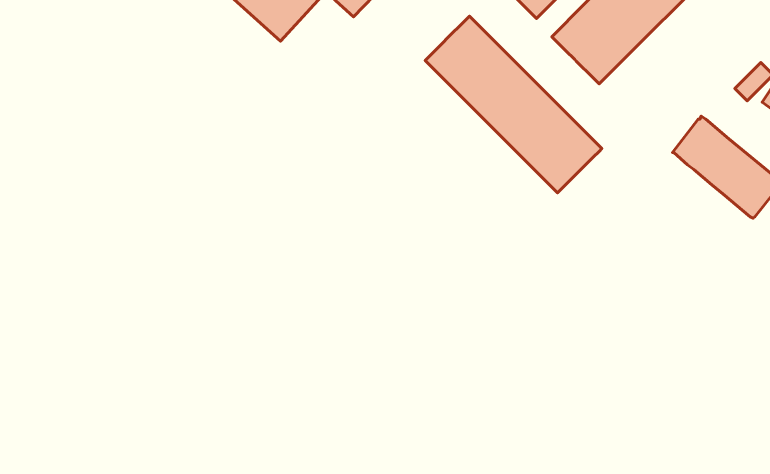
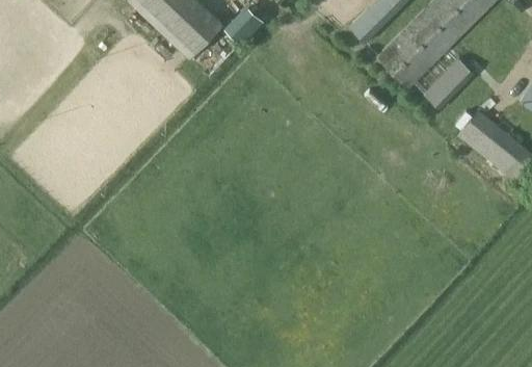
building: [425,16,602,193] -> none
building: none -> [424,58,474,108]

